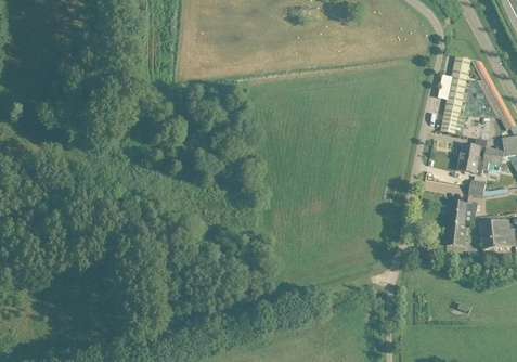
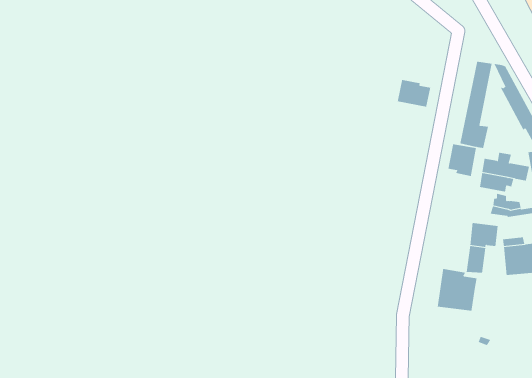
building: none -> [397,79,431,107]
building: none -> [448,143,477,177]
building: none -> [437,268,477,312]

